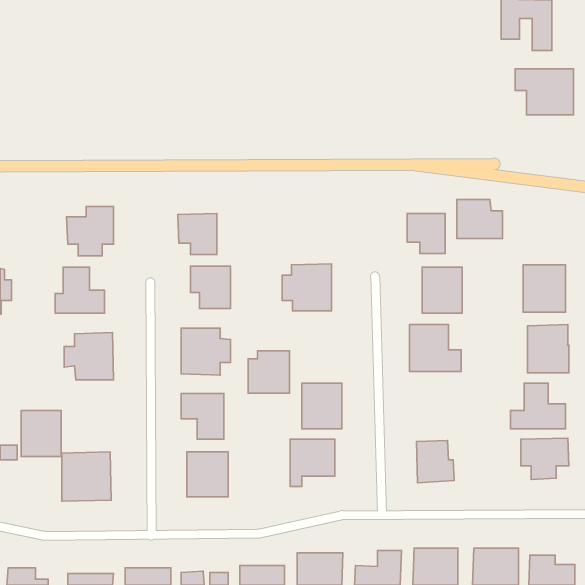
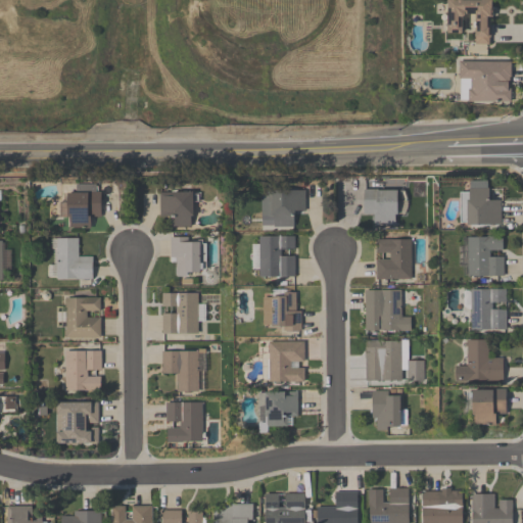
building: [457,199,503,238] -> [461,190,502,225]
building: none -> [263,190,305,227]
building: [248,351,289,393] -> [266,291,302,329]
building: none -> [366,339,425,381]
building: [21,410,61,456] -> [65,350,101,391]

